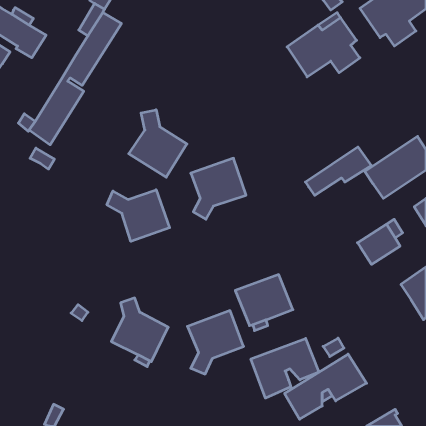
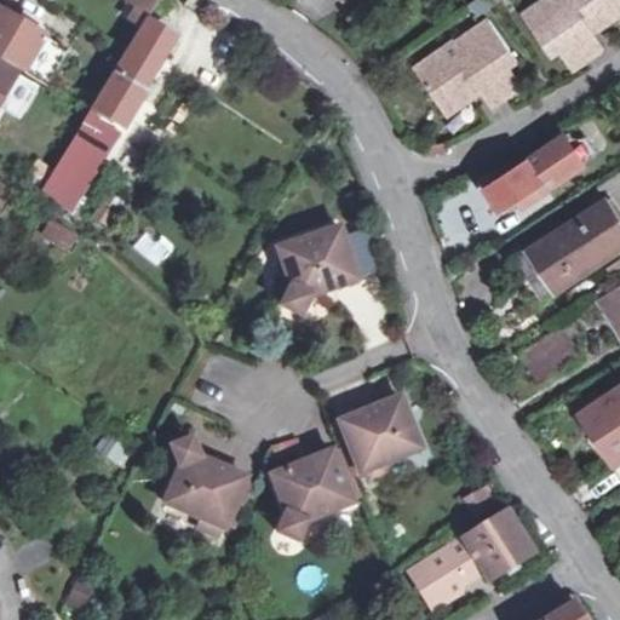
building: [129,110,187,177] -> none
building: [305,147,371,195] -> [486,136,581,206]
building: [107,190,170,241] -> none
building: [251,338,319,398] -> none

